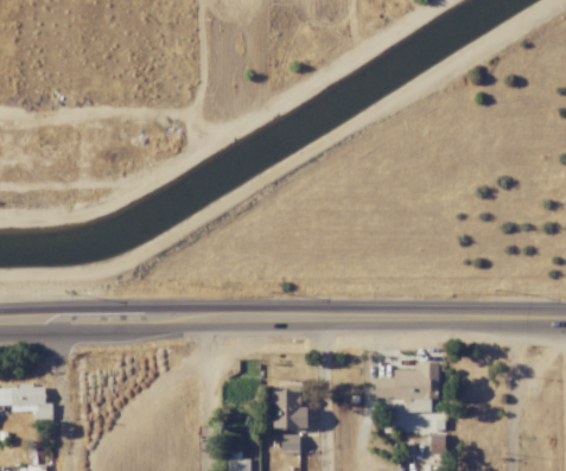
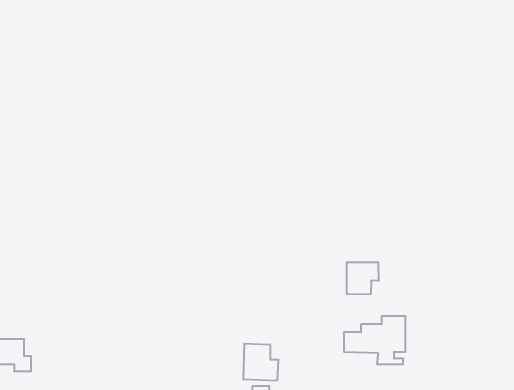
building: none -> [347,262,378,294]

